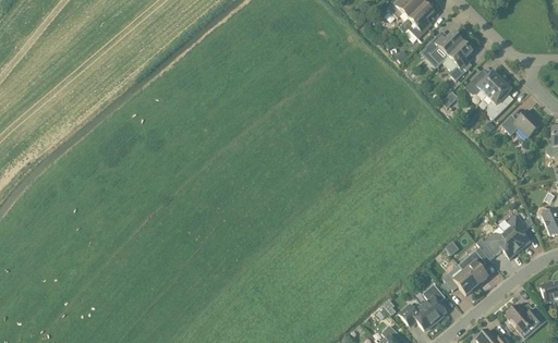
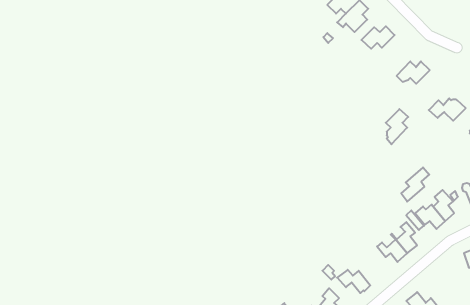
building: [449,40,473,79] -> none
building: [487,79,512,119] -> [386,109,408,144]
building: none -> [401,167,429,202]
building: [423,282,447,320] -> none
building: [506,302,543,332] -> none

